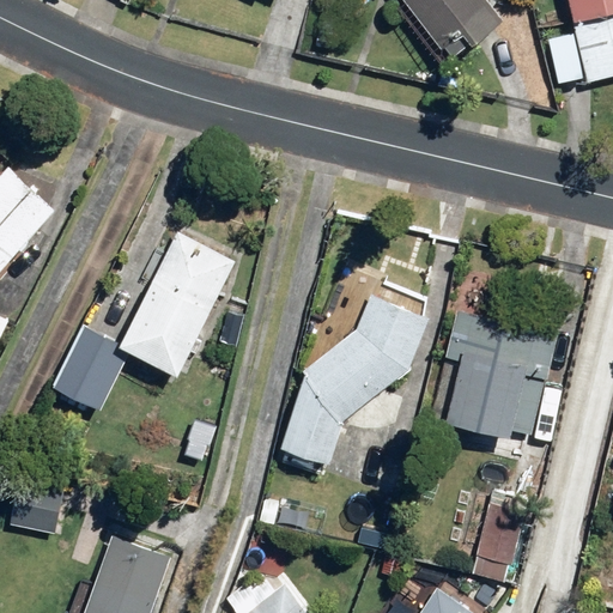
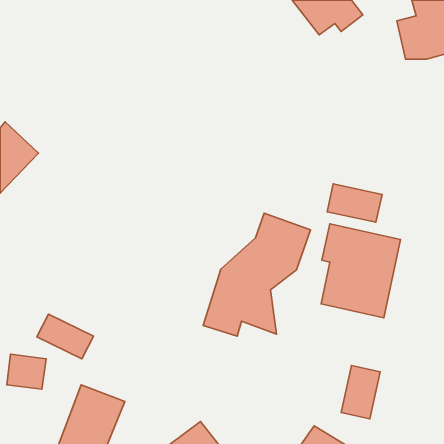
building: [50,233,230,411] -> none
building: none -> [327,184,382,222]
building: none -> [37,314,94,359]

